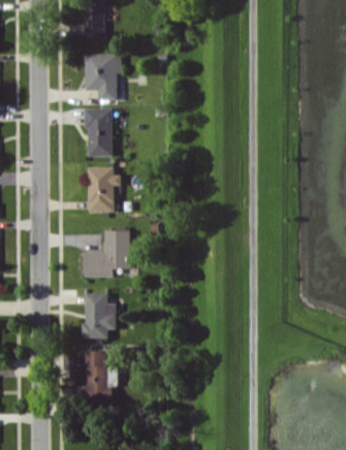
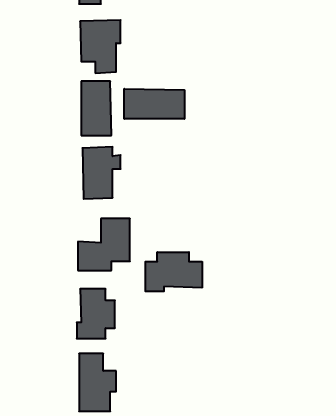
building: none -> [124,89,184,119]
building: none -> [145,252,202,291]

